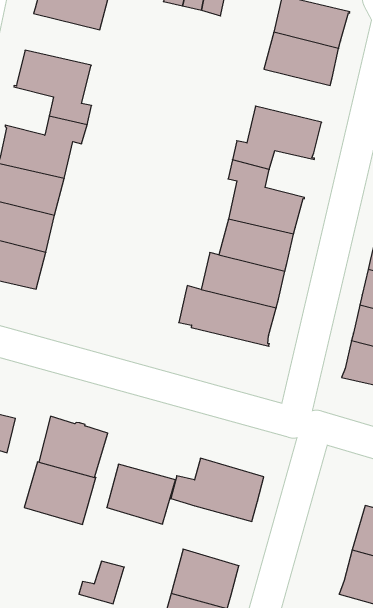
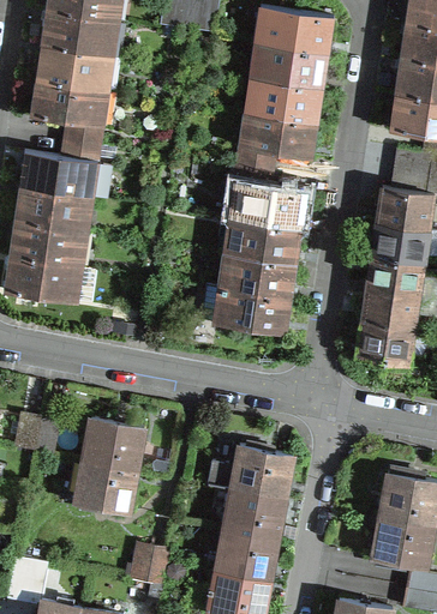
building: none -> [36,46,103,89]
building: none -> [253,78,321,122]
building: [107,464,176,524] -> [223,487,285,538]

